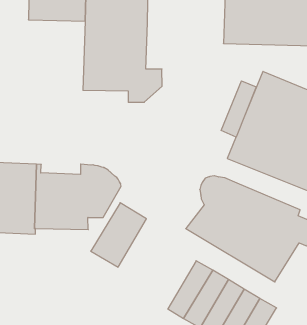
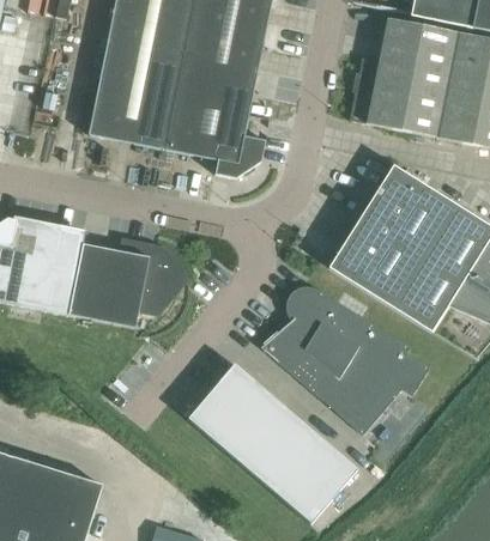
building: none -> [87,47,177,148]
building: [221,81,256,137] -> none
building: [91,203,146,267] -> [188,364,266,445]

